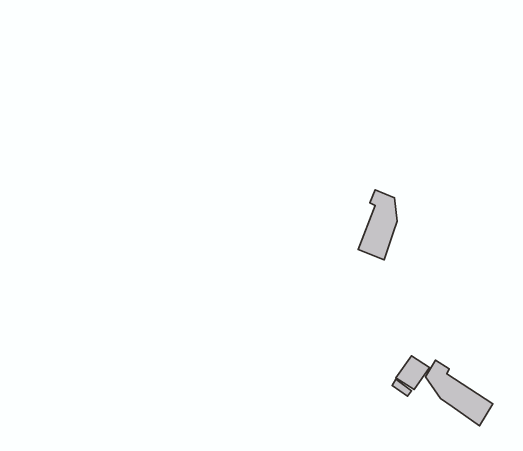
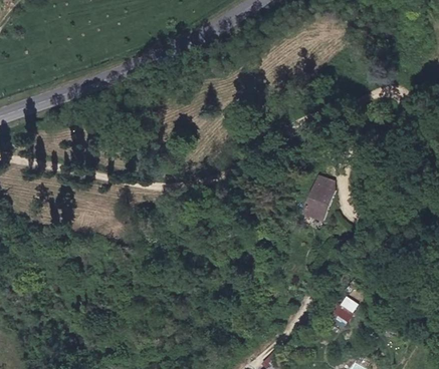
building: [426,360,493,426] -> none

